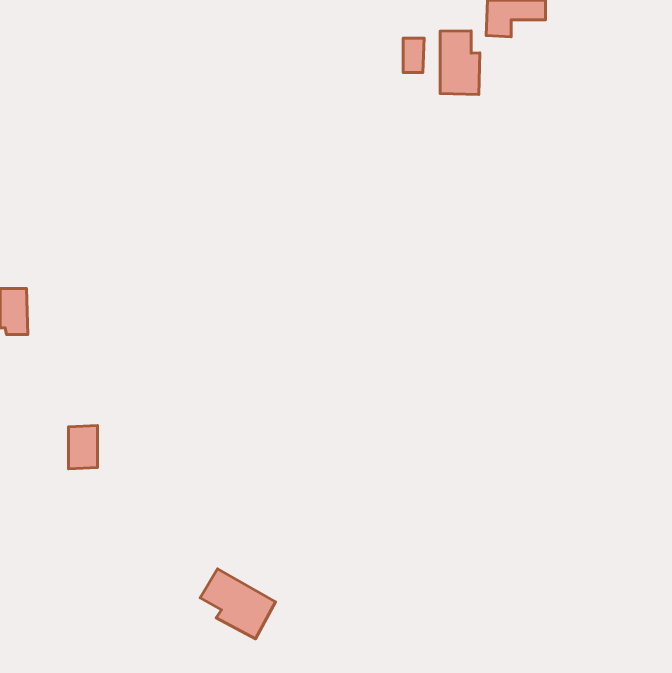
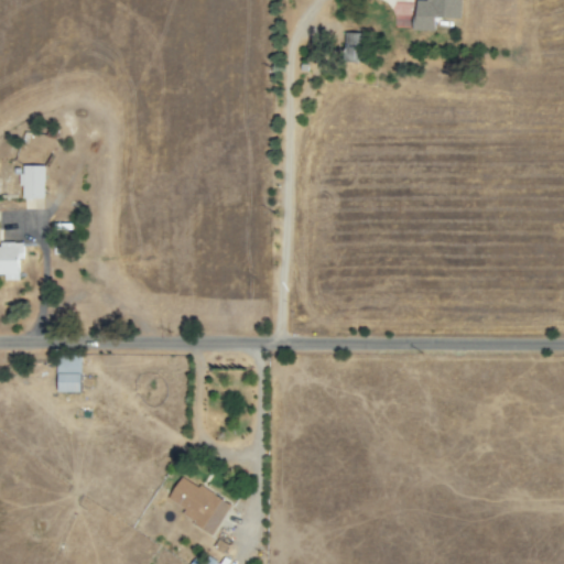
building: [440,31,480,94] -> none
building: none -> [22,164,46,198]

